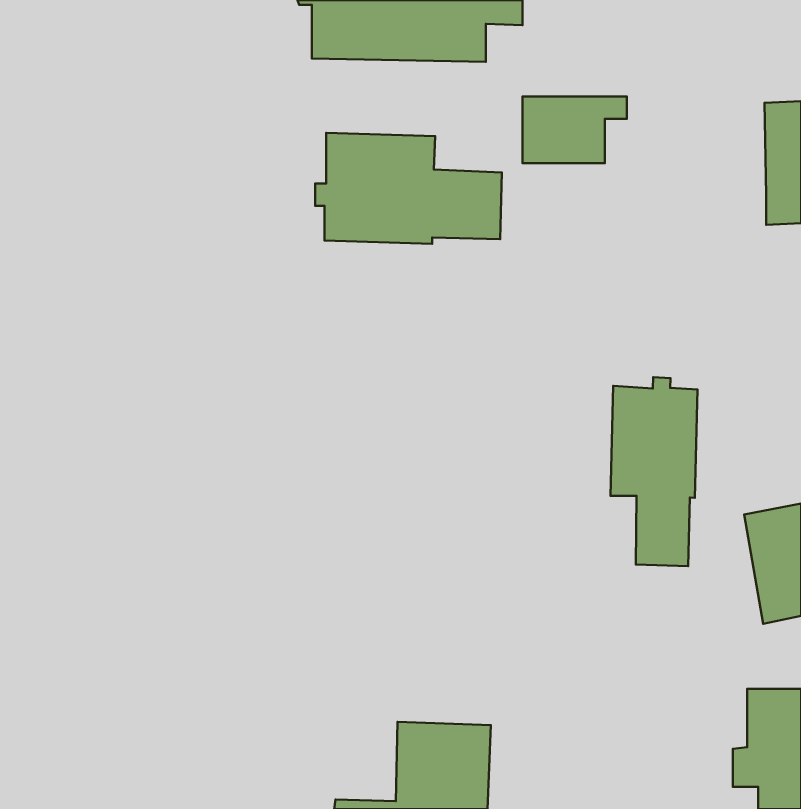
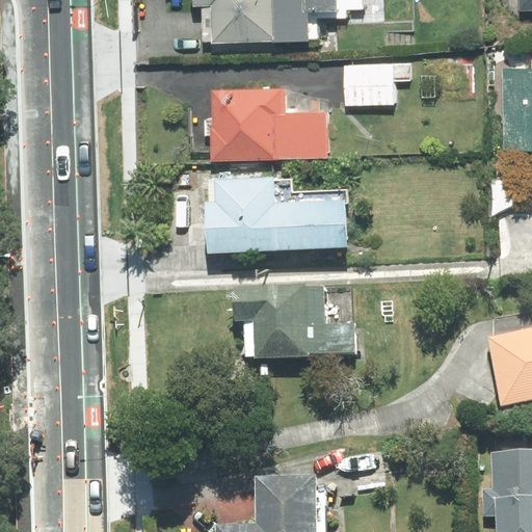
building: none -> [212,174,357,248]
building: [610,377,697,566] -> none
building: none -> [238,290,357,363]

